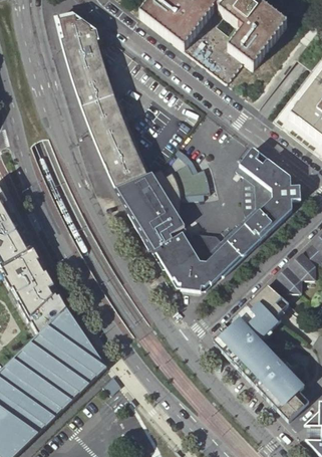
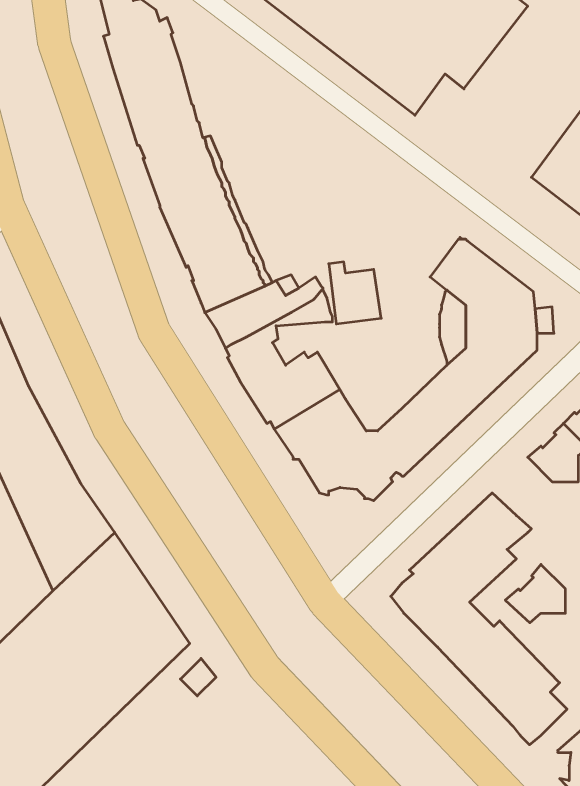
building: [150,193,180,216] -> none
building: [190,231,220,251] -> none
building: [268,265,300,296] -> [505,564,565,623]

